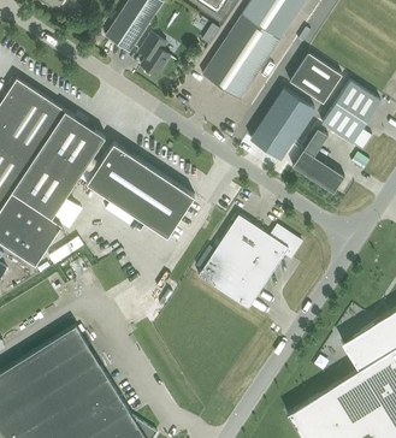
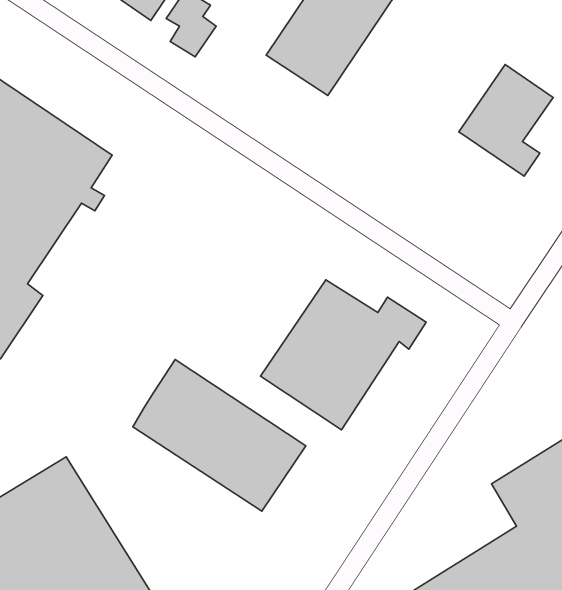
building: [289,53,342,103] -> none
building: [250,89,314,159] -> none
building: [292,129,344,194] -> none
building: [87,142,195,237] -> [133,359,306,511]

